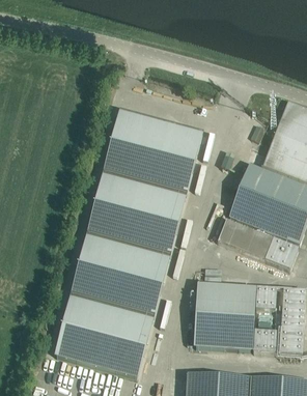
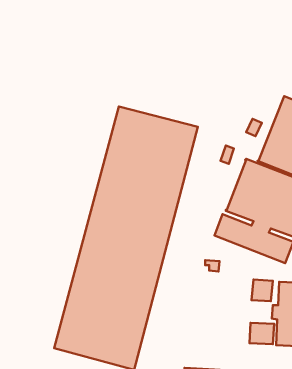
building: [196,282,254,349] -> none

